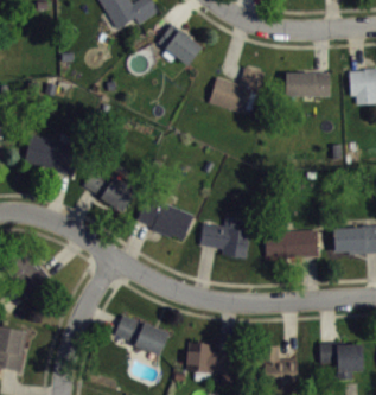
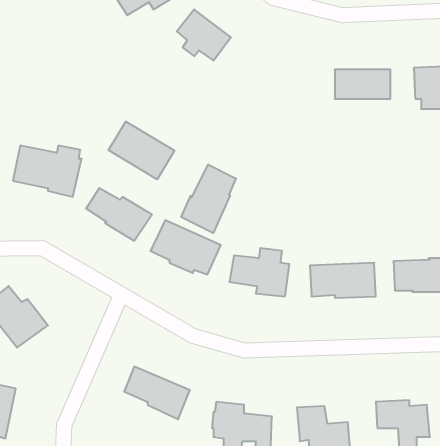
building: [209,66,266,113] -> none
building: none -> [109,121,174,179]
building: none -> [181,164,236,233]

